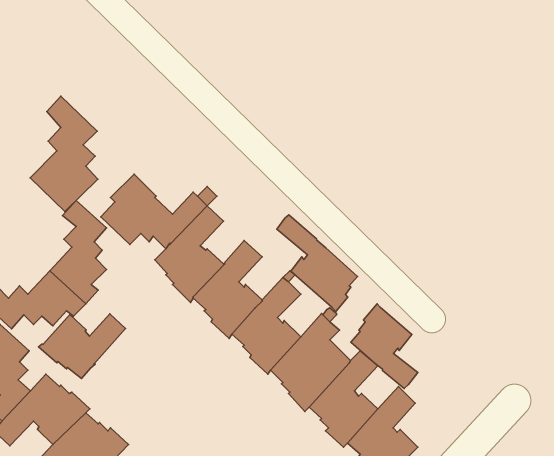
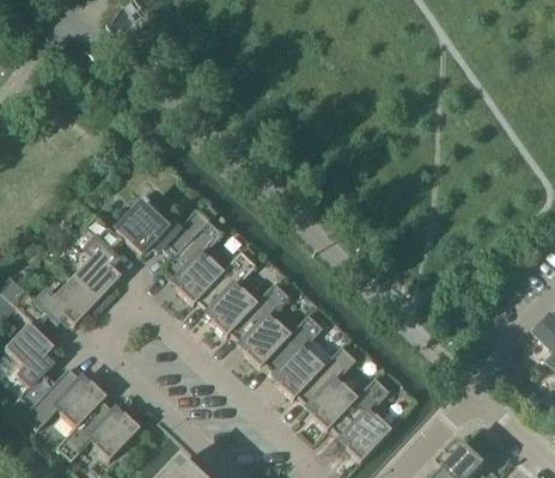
building: [30,96,98,211] -> none
building: [277,215,358,312] -> none
building: [351,304,418,389] -> none
building: [38,314,126,379] -> none

